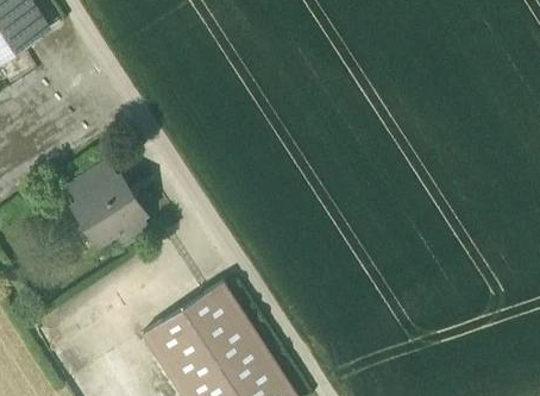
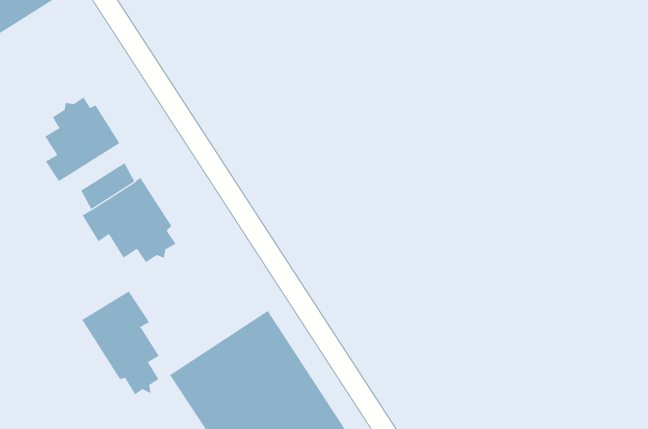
building: none -> [44,96,120,182]
building: none -> [82,290,160,395]

